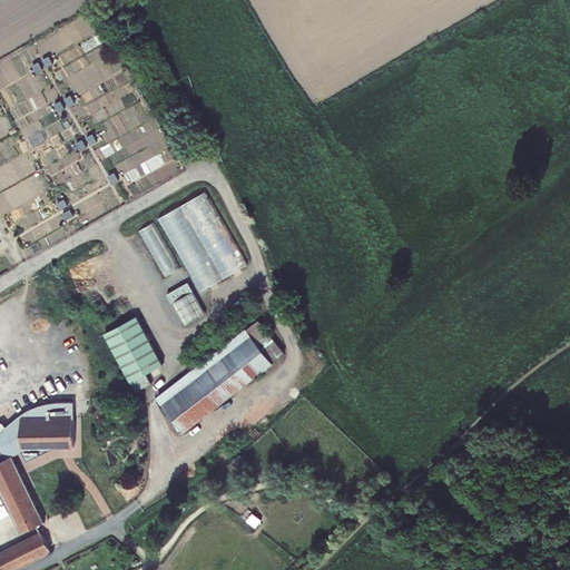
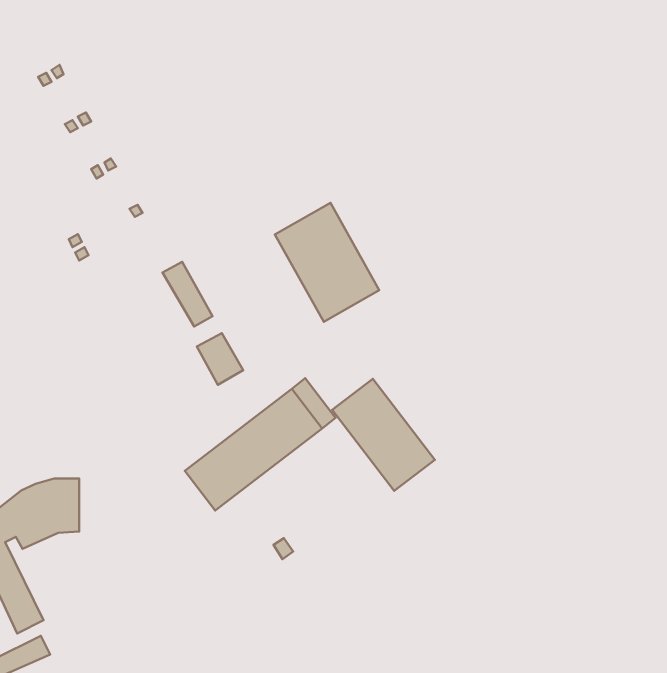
building: [158,191,246,292] -> [275,203,379,322]
building: [104,316,161,392] -> none
building: none -> [332,379,435,491]

